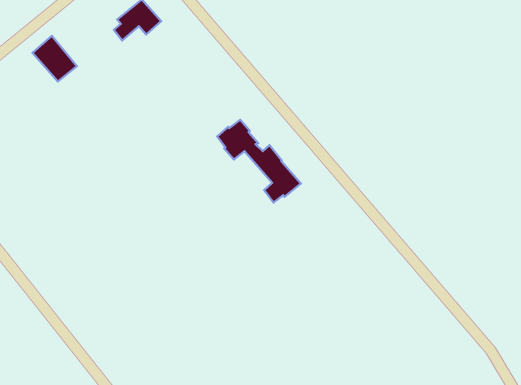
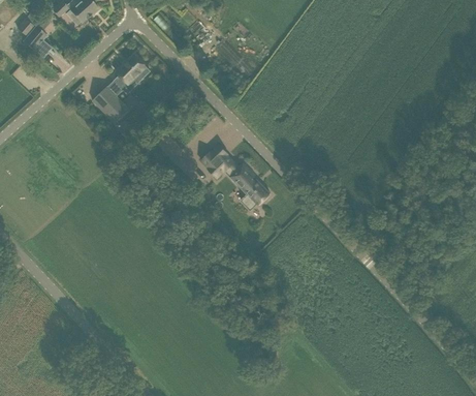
building: [32,36,77,82] -> [93,86,129,122]

